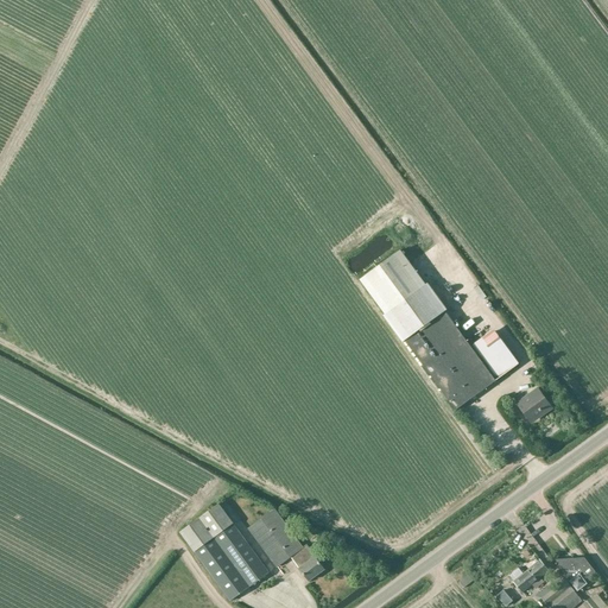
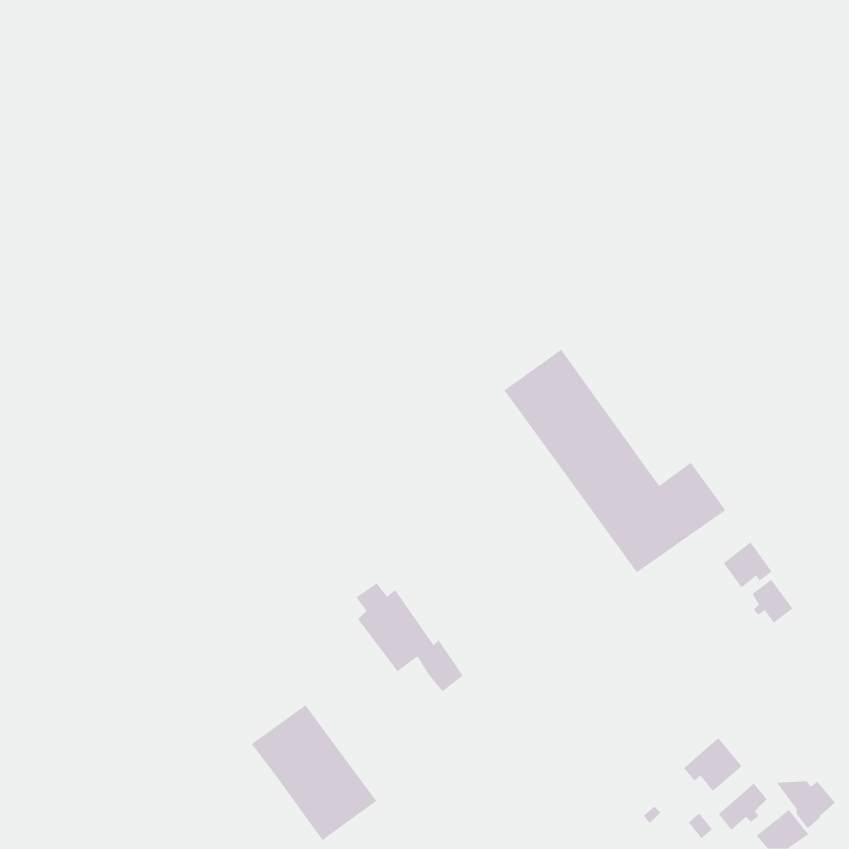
building: none -> [752,579,793,624]
building: [247,504,324,582] -> [356,583,464,692]
building: none -> [683,737,742,792]

